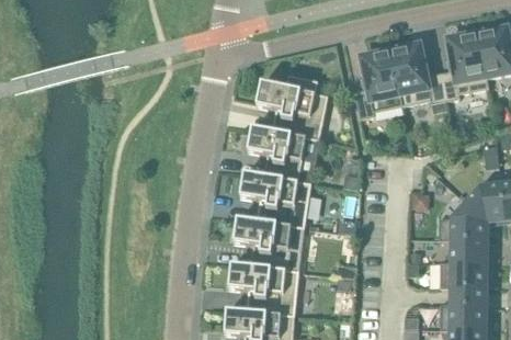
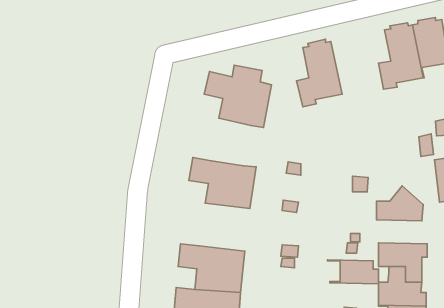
building: [389,39,445,104] -> none
building: [247,126,305,180] -> none
building: [465,173,504,220] -> none
building: [232,217,304,270] -> none
building: [438,237,491,262] -> [328,260,378,284]

